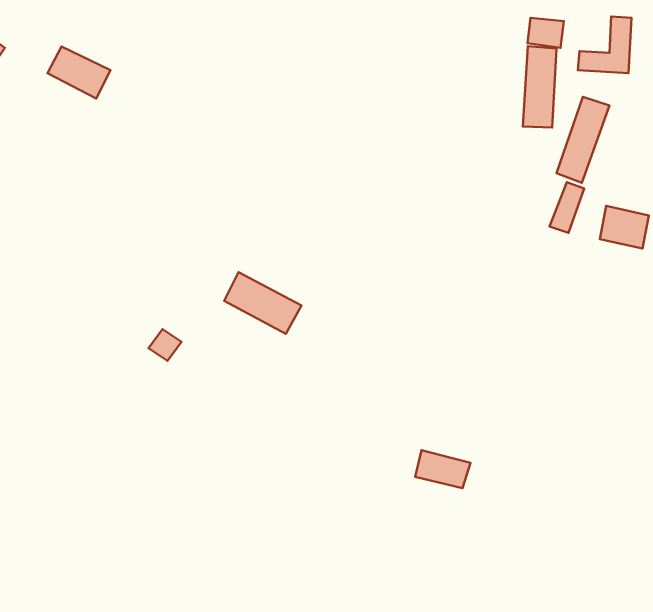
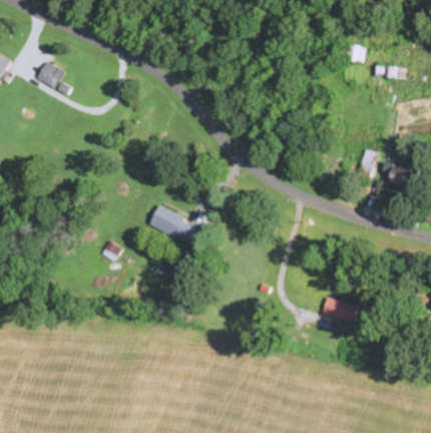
building: [523,46,557,127] -> none
building: [556,97,609,183] -> none
building: [415,450,470,488] -> [322,297,357,321]

